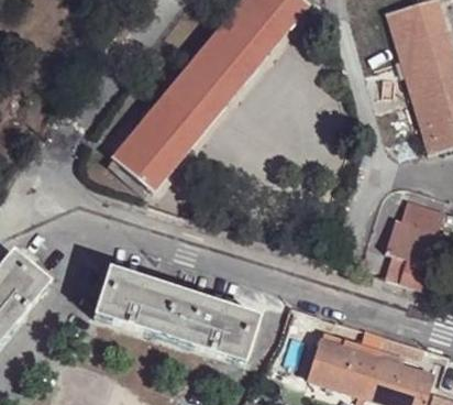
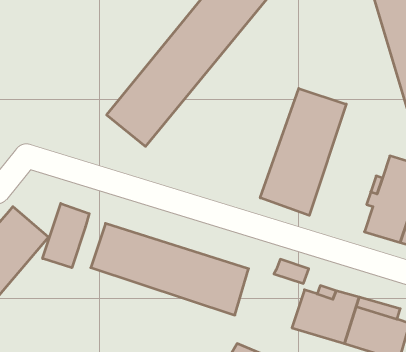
building: none -> [260,88,346,215]
building: none -> [43,203,89,268]

